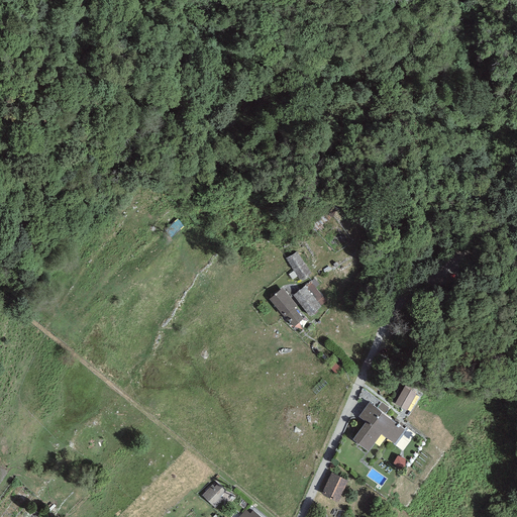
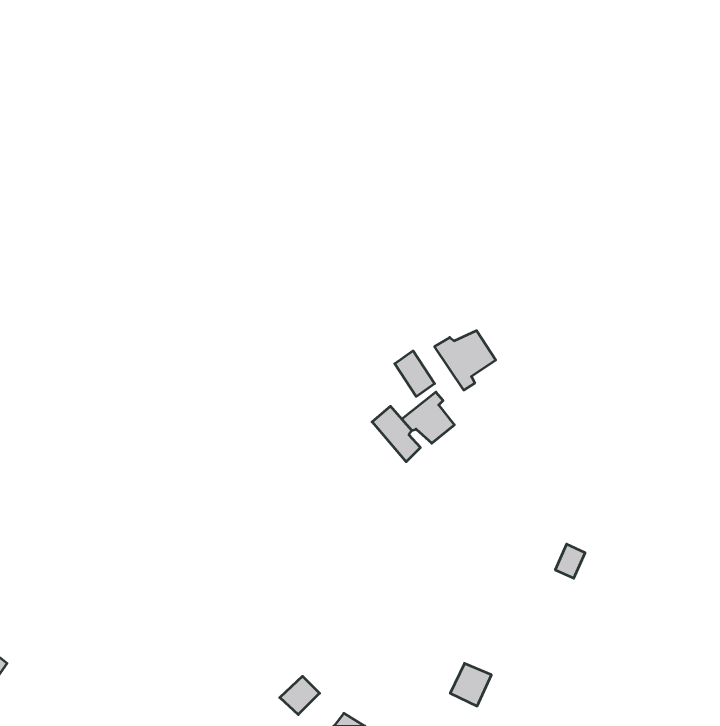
building: none -> [435,331,496,390]
building: [354,400,407,451] -> none

